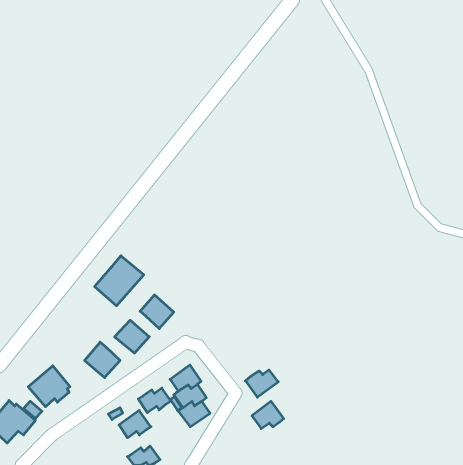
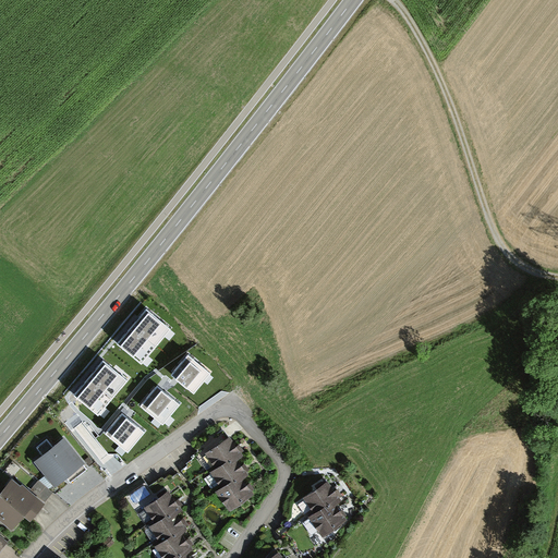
building: none -> [71,357,128,415]
building: [245,370,278,397] -> [306,506,345,538]
building: [138,388,171,413] -> [147,514,186,544]

